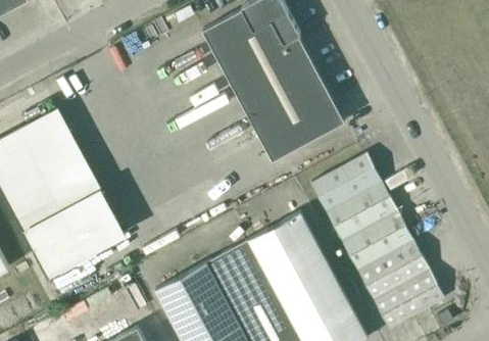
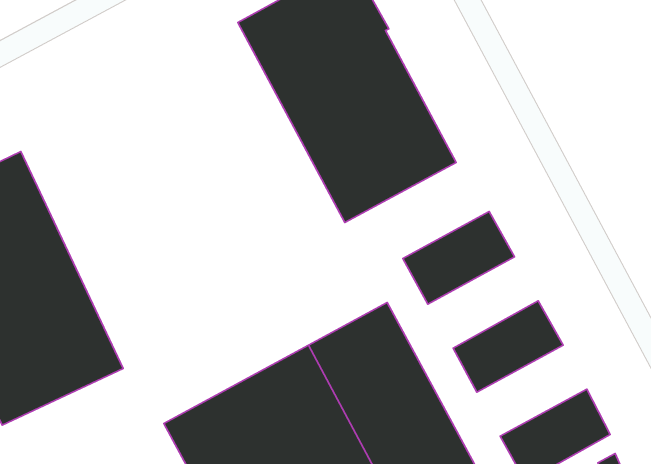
building: [326,182,397,241] -> none
building: [357,239,429,298] -> none

